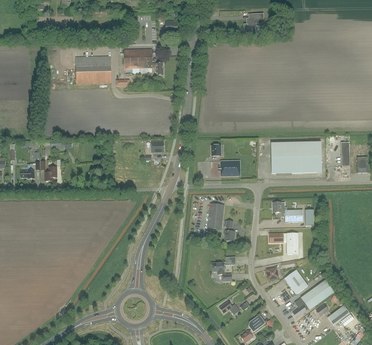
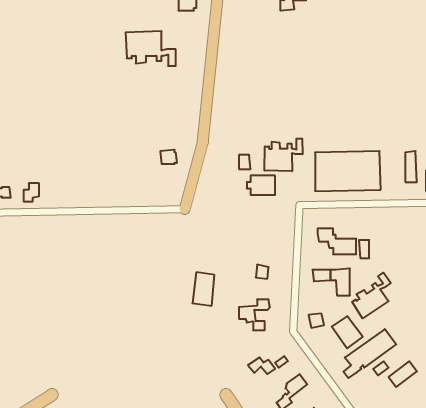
building: [75,55,111,83] -> none
building: none -> [264,139,303,171]
building: [207,202,224,228] -> [192,272,214,306]
building: none -> [352,273,391,318]

